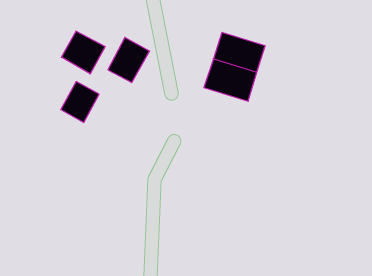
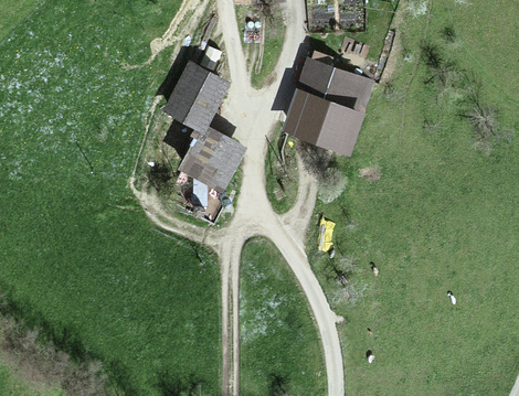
building: [61,31,105,74] -> none
building: [61,82,99,122] -> [180,130,230,183]

